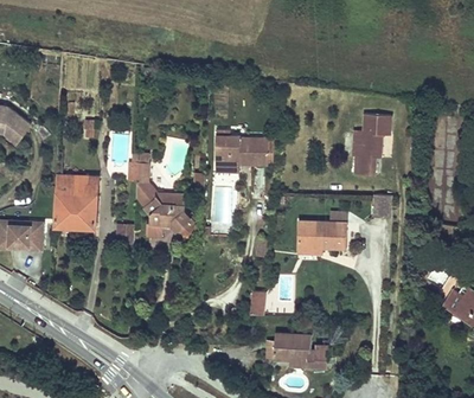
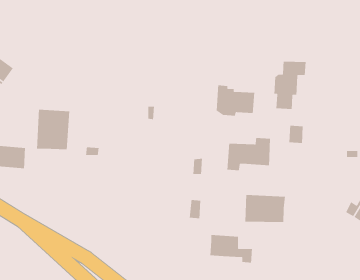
building: [216,130,265,171] -> [216,84,255,117]
building: [129,153,199,236] -> none
building: none -> [244,194,286,223]

